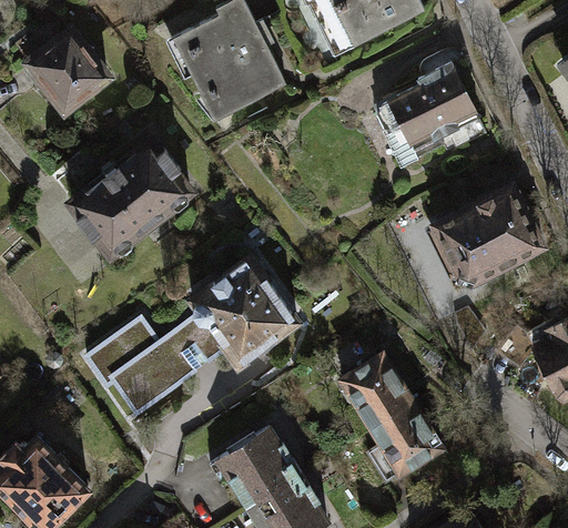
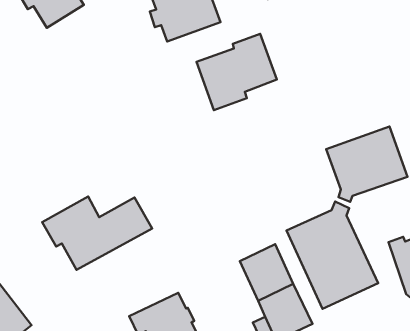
building: [373,63,477,166] -> [196,34,277,110]
building: [70,142,190,256] -> none
building: [190,257,296,365] -> none
building: none -> [286,201,378,309]

